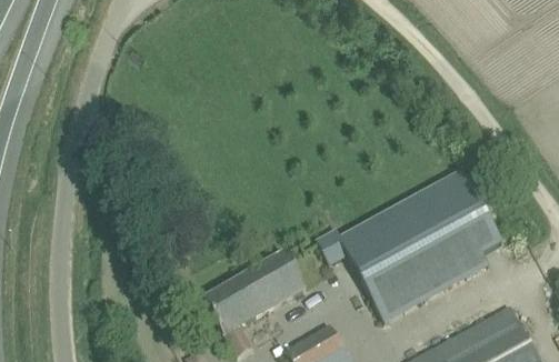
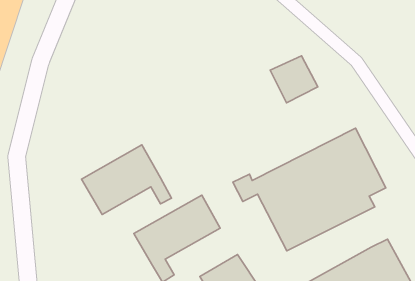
building: none -> [270,56,318,103]
building: none -> [82,145,171,215]

